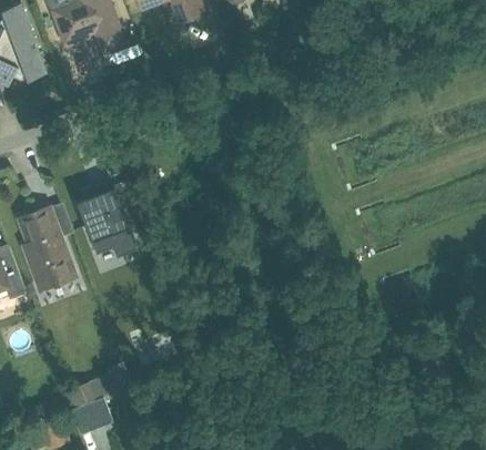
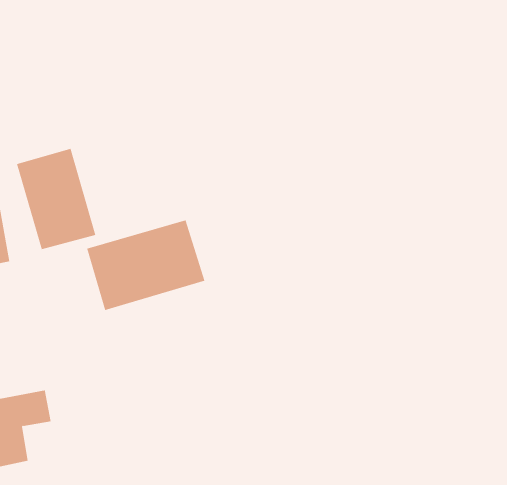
building: none -> [87,220,205,311]

